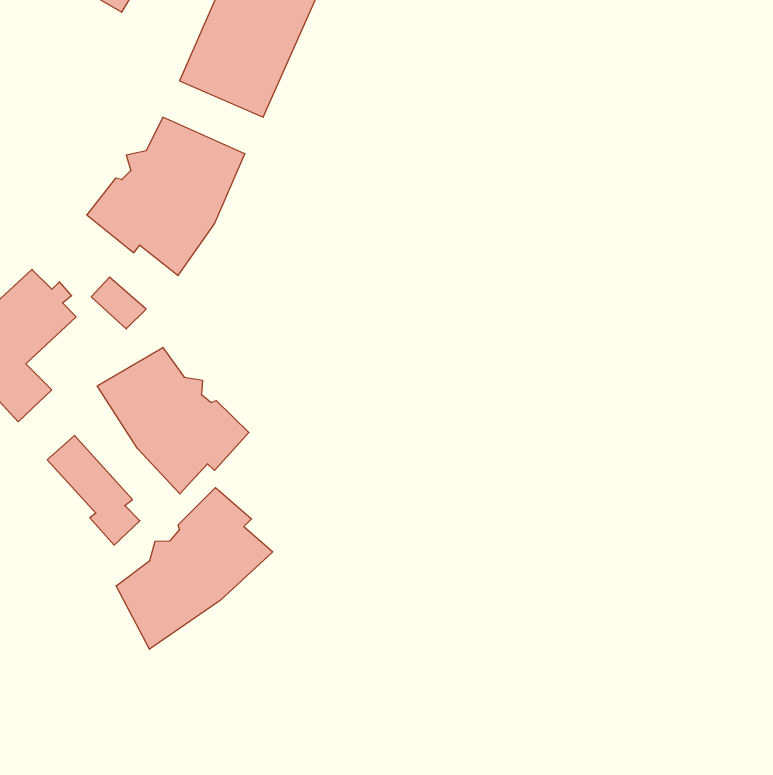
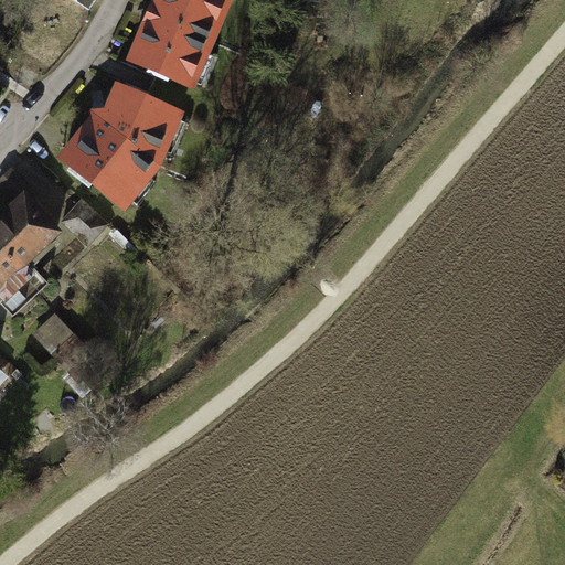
building: [97,347,249,494] -> none
building: [116,488,273,649] -> none

